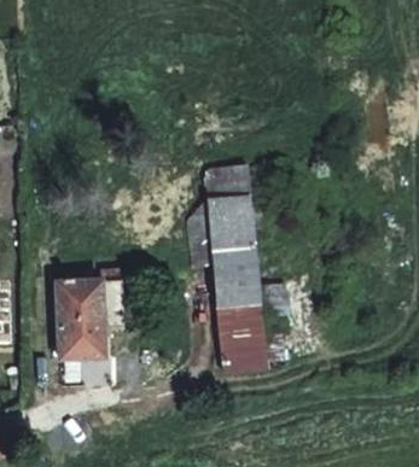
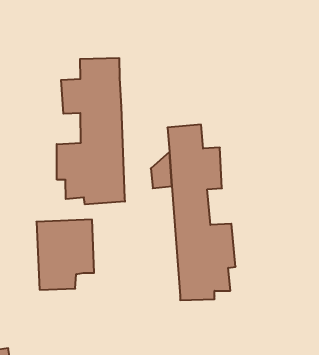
building: none -> [57,58,125,204]

